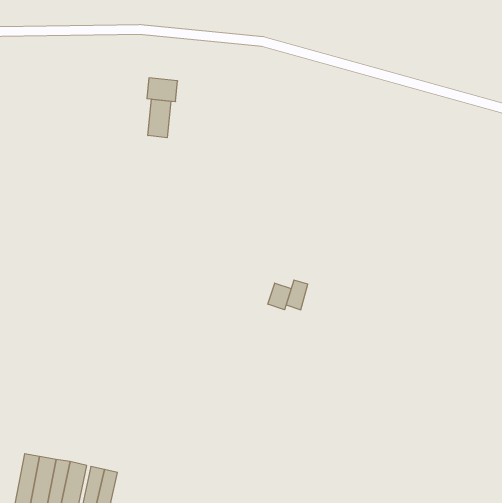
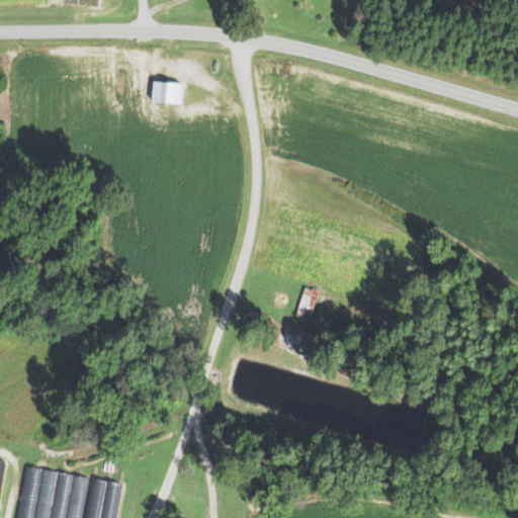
building: [148,99,171,138] -> none
building: [268,283,291,310] -> none

